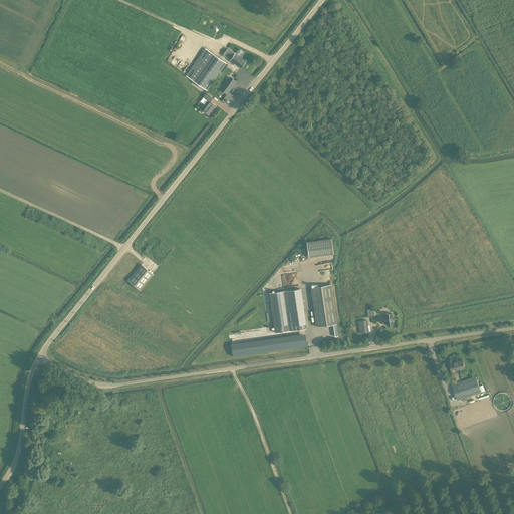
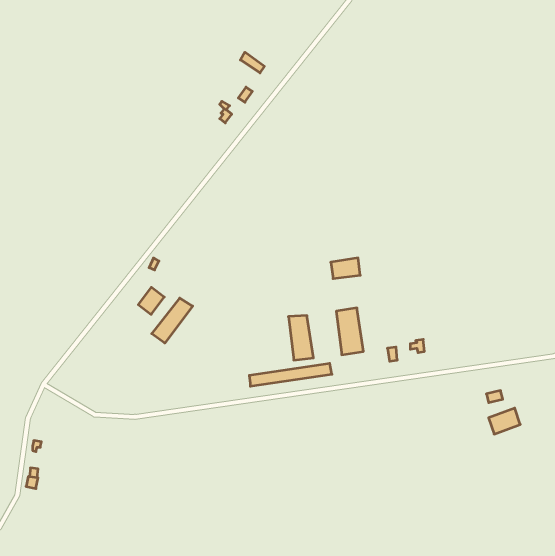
building: [185,48,225,90] -> none
building: none -> [152,298,193,343]
building: [283,289,303,330] -> none

